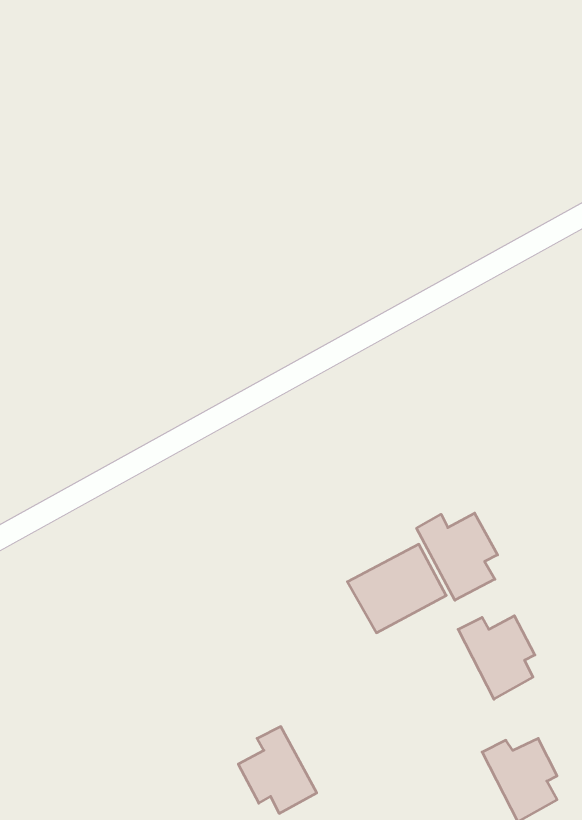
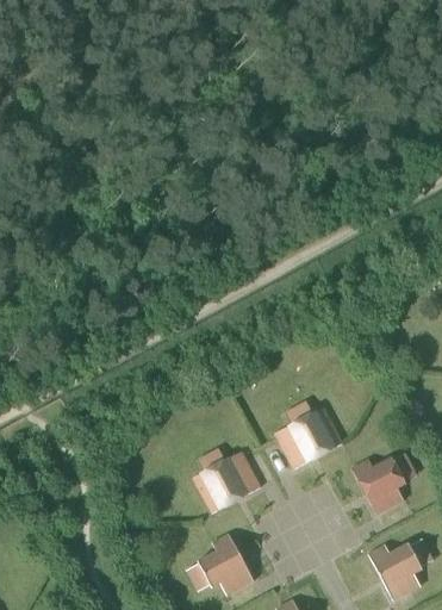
building: [417,513,498,600] -> none
building: none -> [193,452,261,512]

